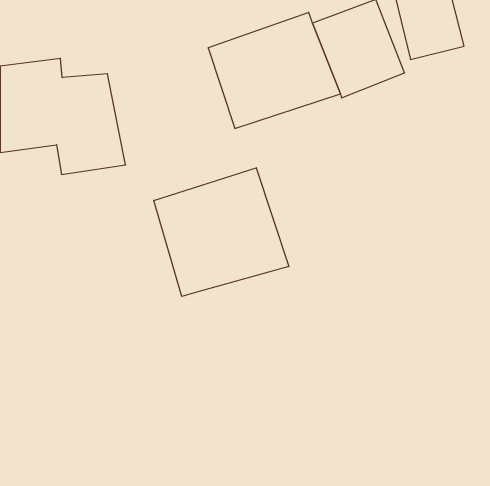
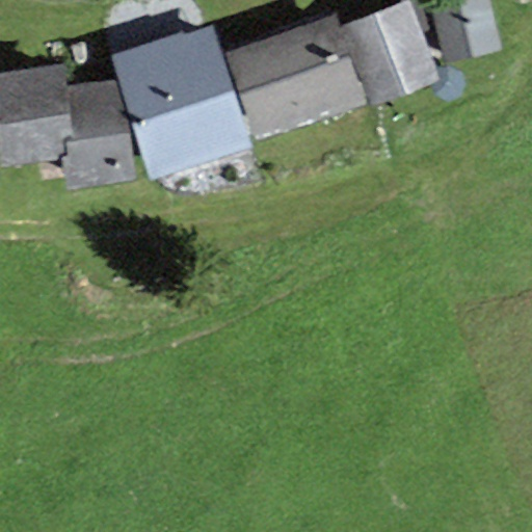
building: none -> [108,25,251,181]
building: [154,168,289,296] -> none

